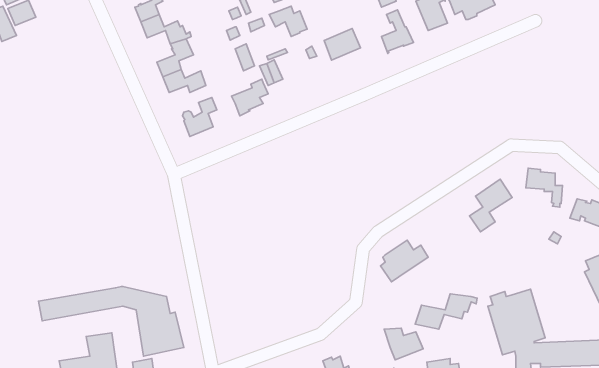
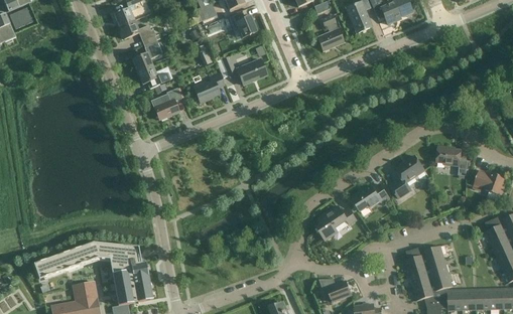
building: [324,28,361,60] -> [237,58,267,85]
building: none -> [351,183,389,211]
building: [415,294,477,329] -> none

